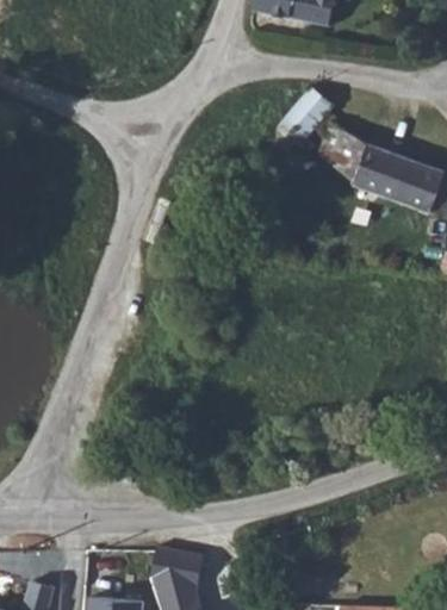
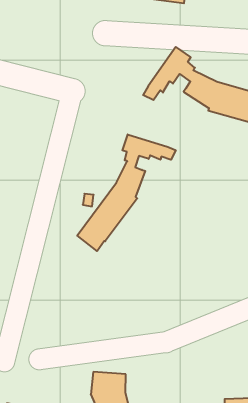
building: none -> [77,134,176,251]

